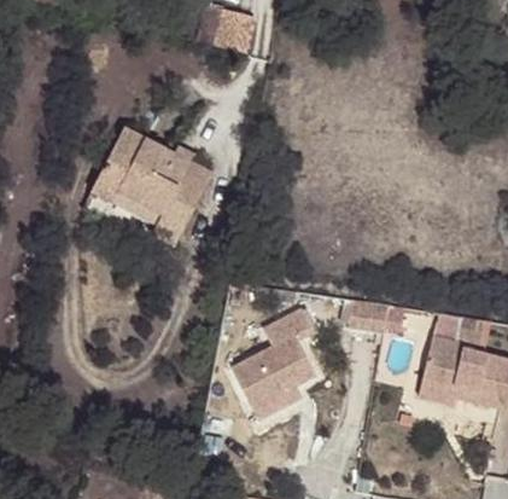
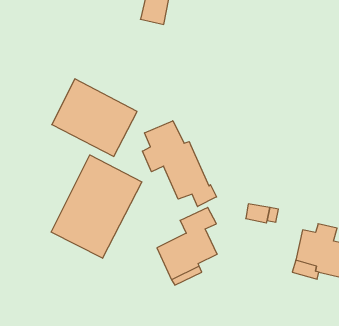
building: none -> [142,121,217,207]
building: none -> [51,155,142,258]

